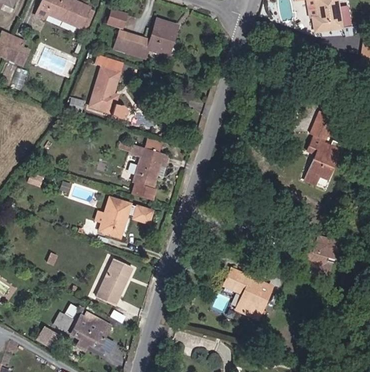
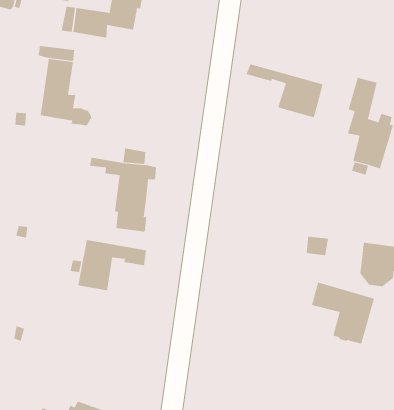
building: none -> [246,63,323,118]
building: [97,259,132,306] -> none
building: [225,269,271,318] -> [311,282,375,344]

